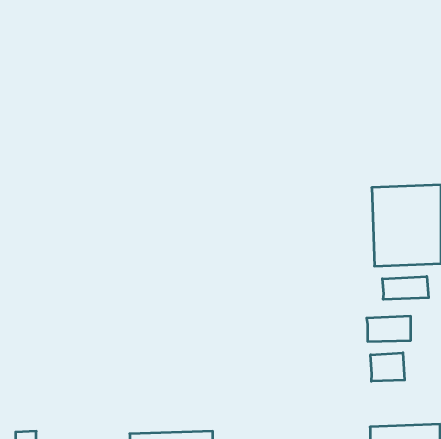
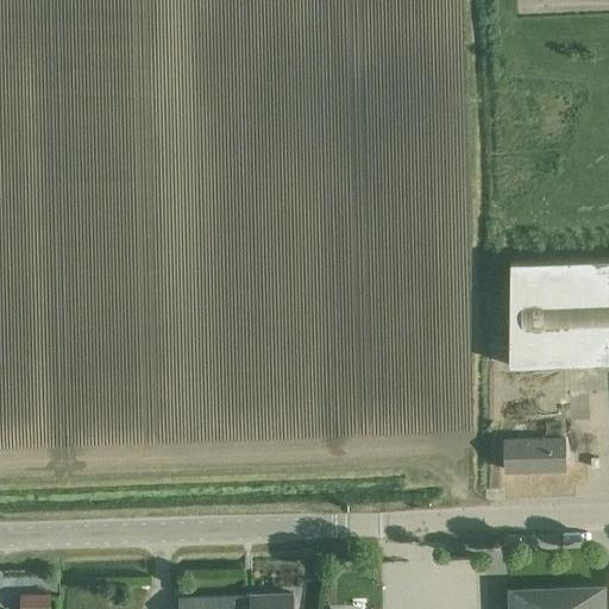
building: [382,276,429,299] -> none
building: [371,353,405,381] -> none

